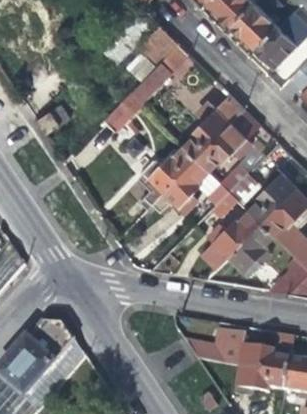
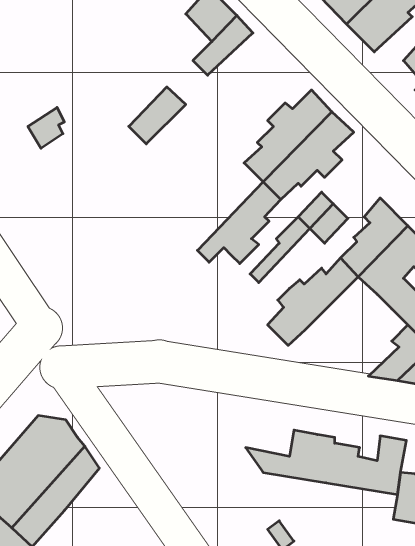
building: [135,145,196,209] -> none
building: [225,223,274,279] -> none
building: [234,364,288,396] -> none

